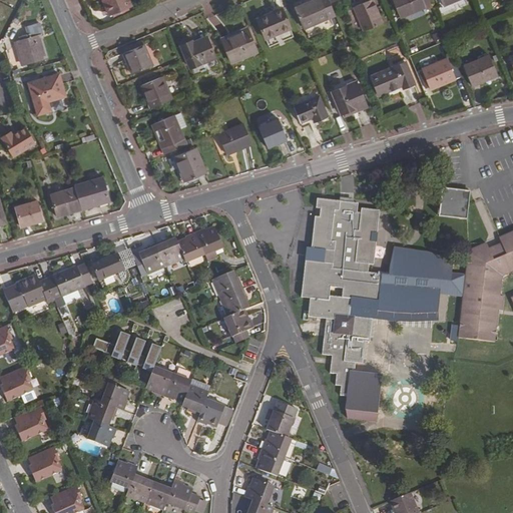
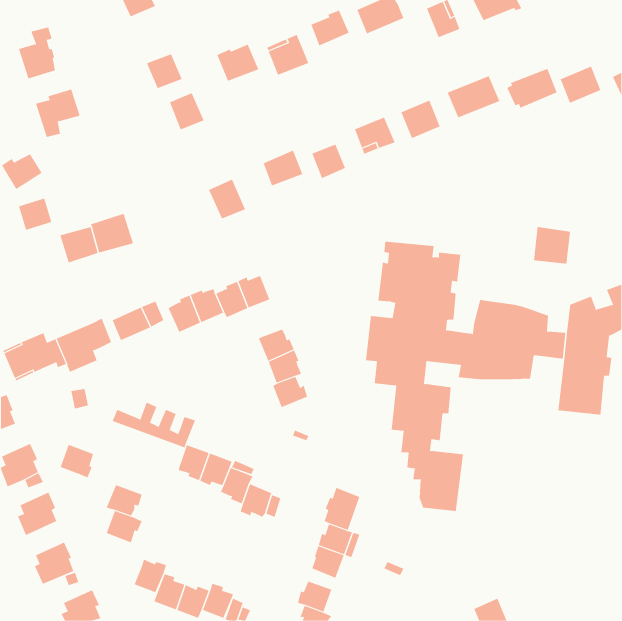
building: [150,115,183,153] -> none
building: [15,199,43,226] -> [18,198,52,231]
building: [101,382,129,410] -> [60,444,94,478]

